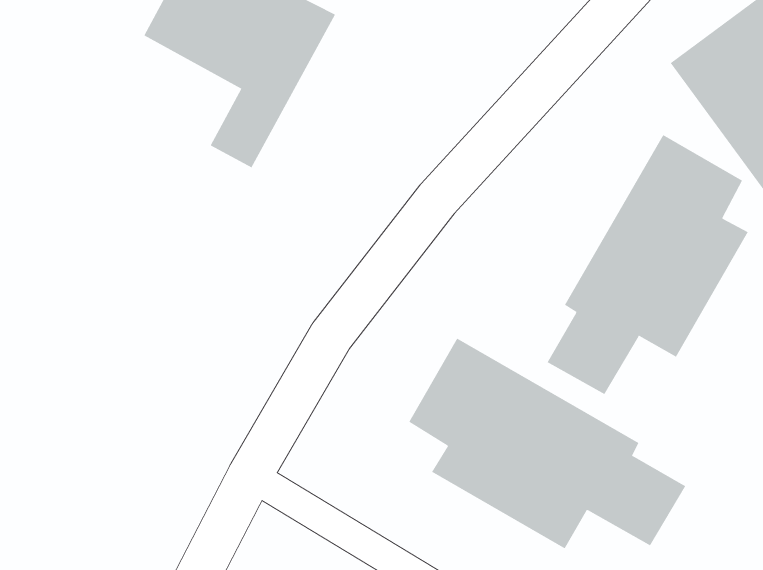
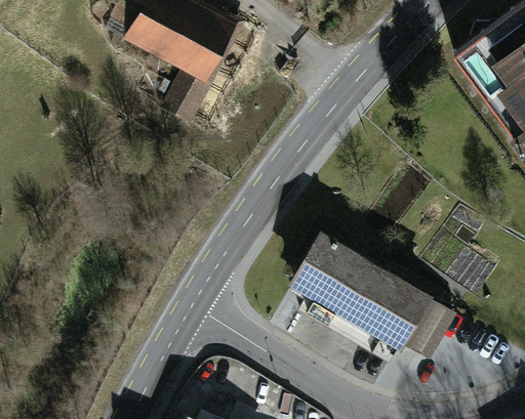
building: [547,134,748,395] -> none

